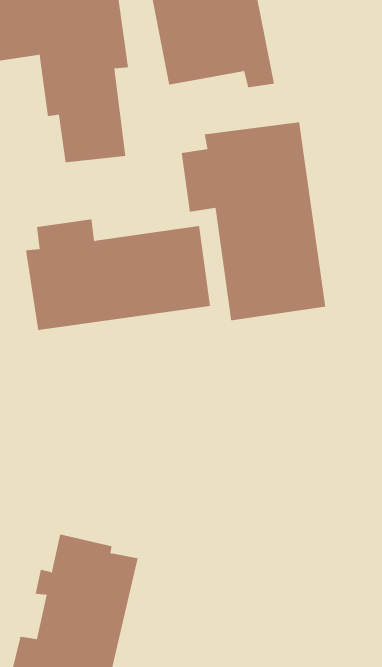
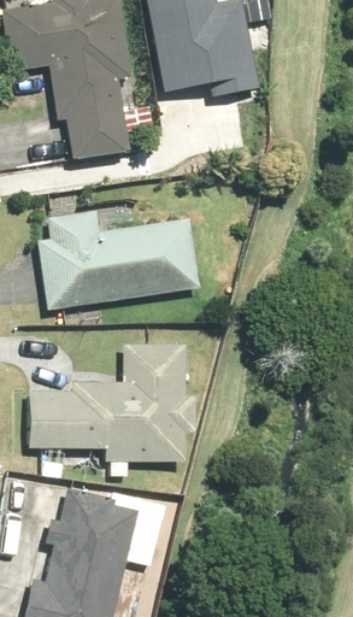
building: [181,121,326,321] -> none
building: none -> [27,340,195,463]

